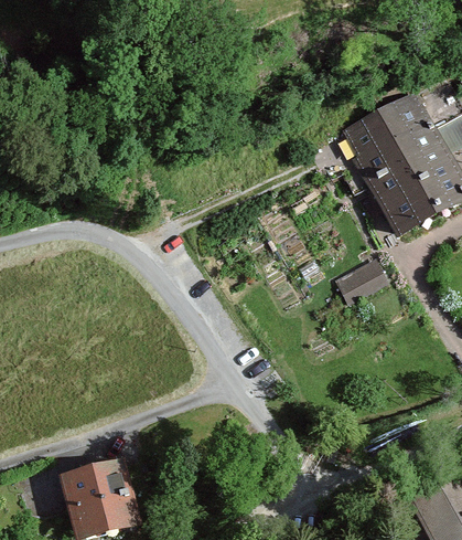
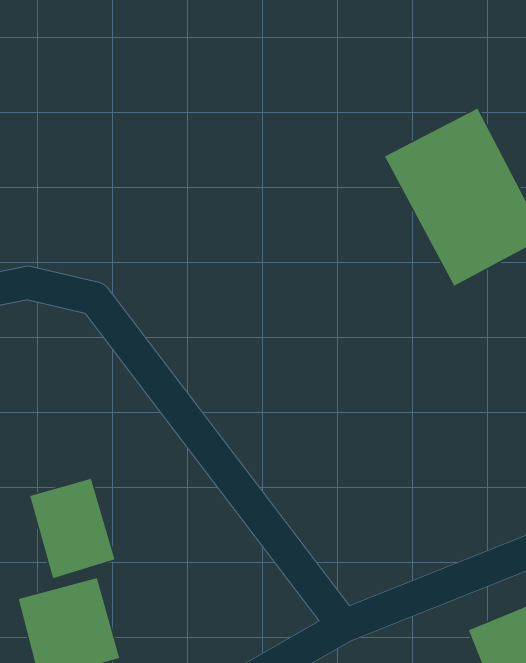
building: [336,258,387,301] -> none
building: none -> [29,478,115,579]

